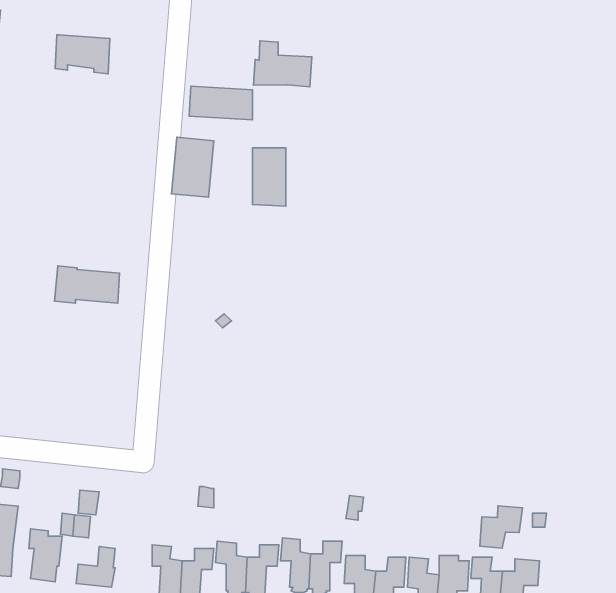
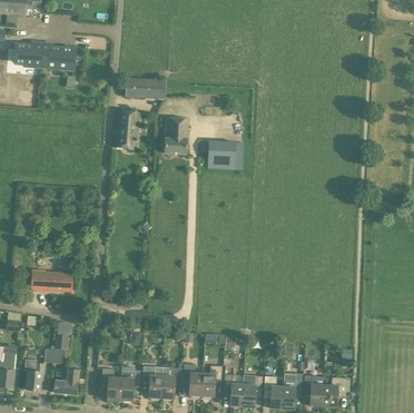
building: none -> [13,42,42,67]
building: [254,41,312,87] -> none
building: none -> [207,140,236,169]
building: [54,266,120,303] -> [30,268,71,292]
building: [480,506,522,548] -> none

